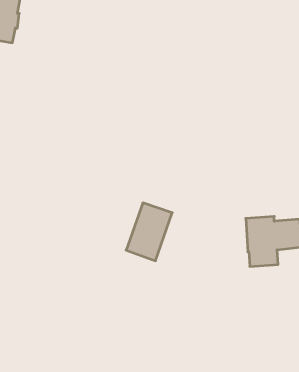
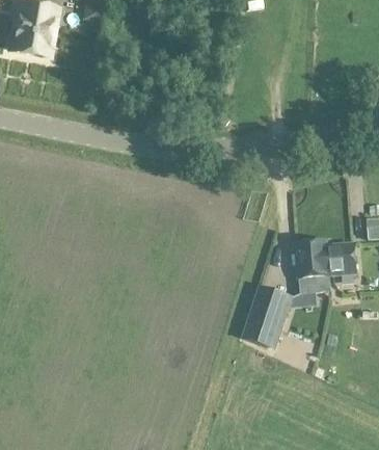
building: [126,203,172,261] -> [242,286,291,347]

